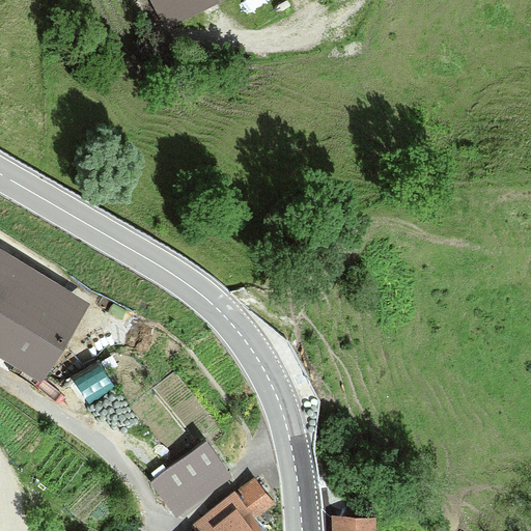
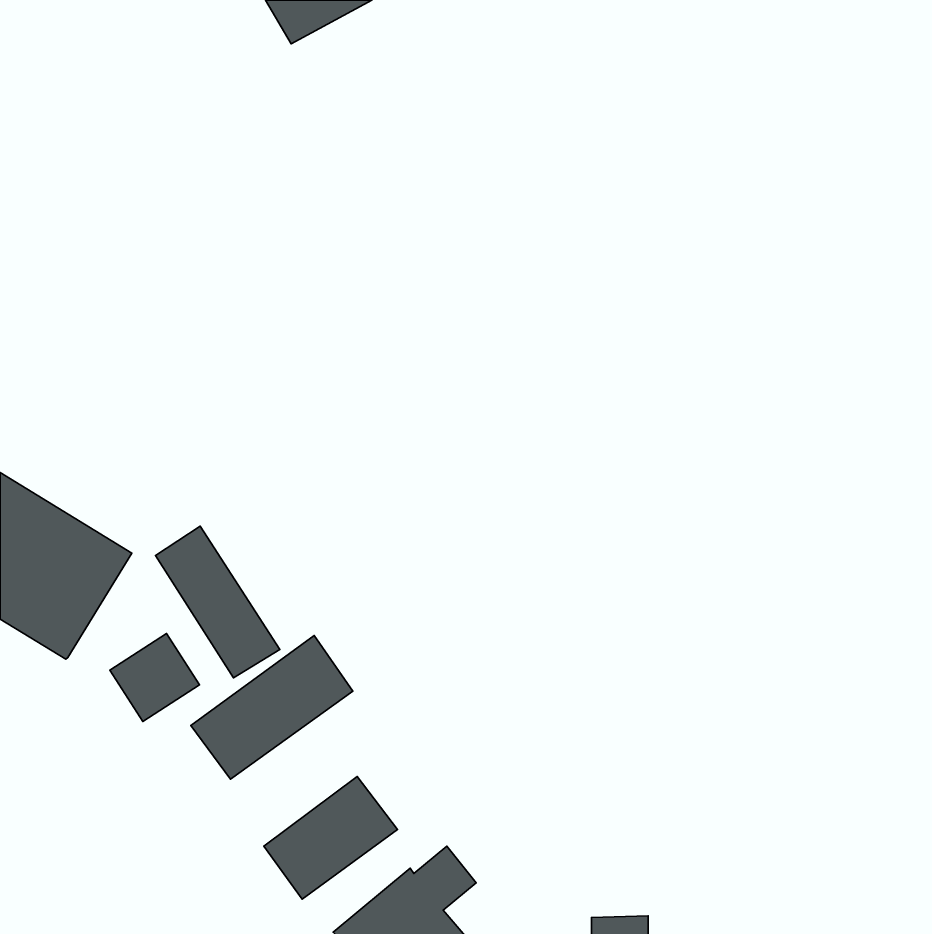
building: none -> [155,526,280,678]
building: none -> [191,636,353,779]

